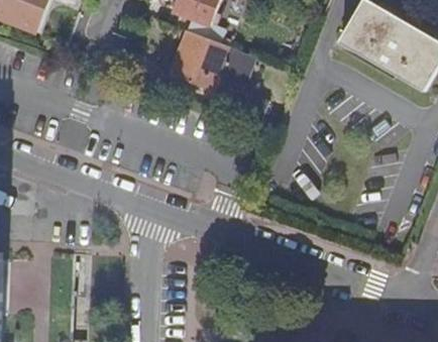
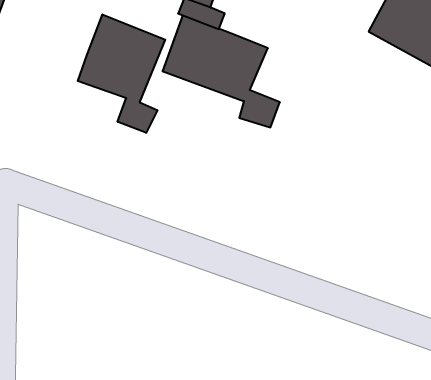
building: none -> [78,14,165,133]

